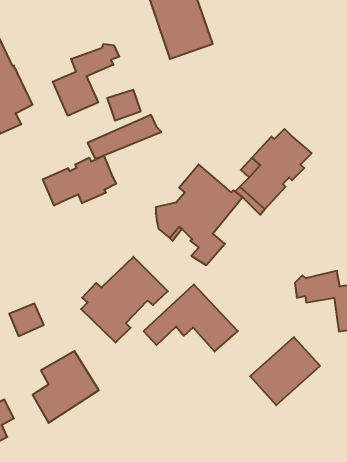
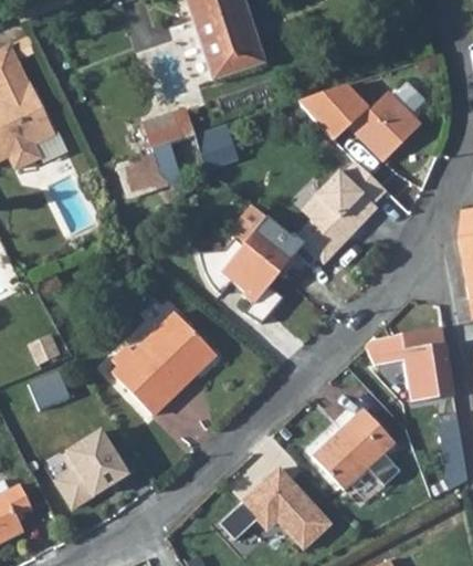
building: [53,44,119,116] -> none
building: none -> [298,87,416,157]
building: none -> [200,127,241,164]
building: [43,155,116,206] -> none
building: [144,284,238,352] -> [220,468,332,547]

